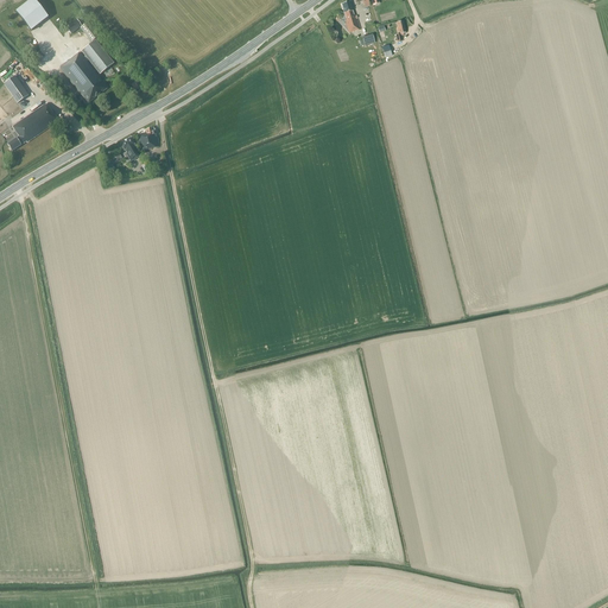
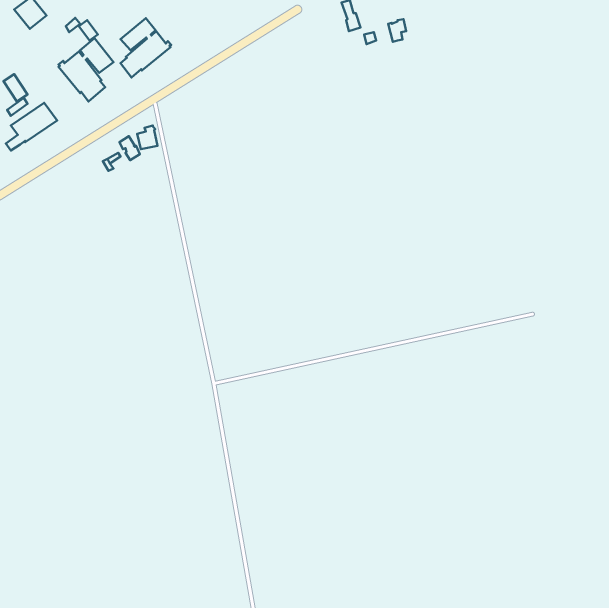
building: none -> [120,18,171,78]

